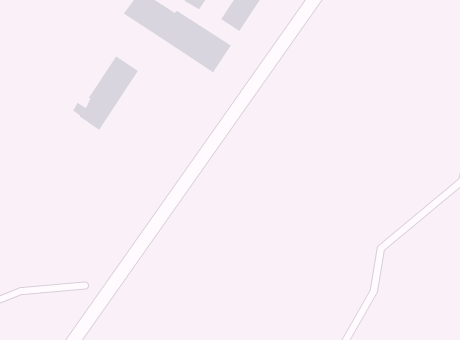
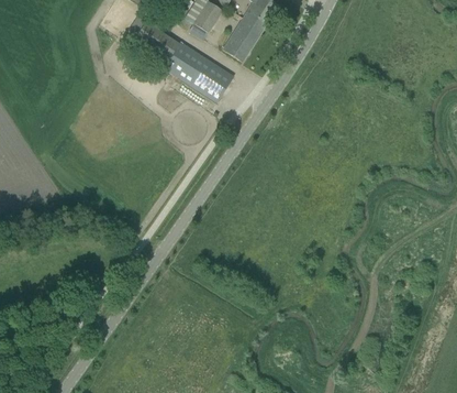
building: [72,55,139,131] -> none

